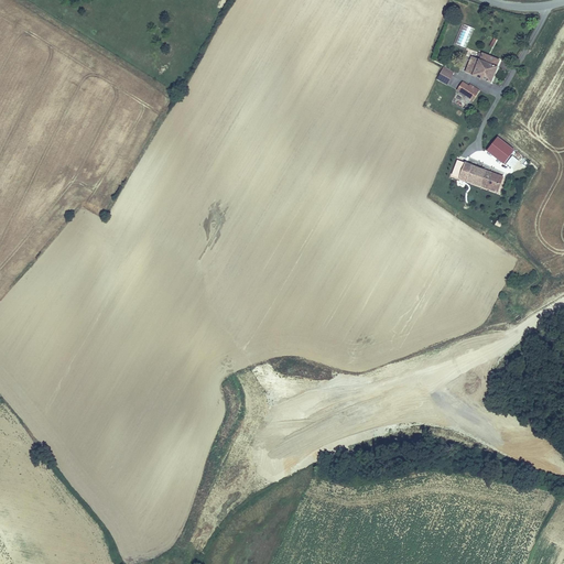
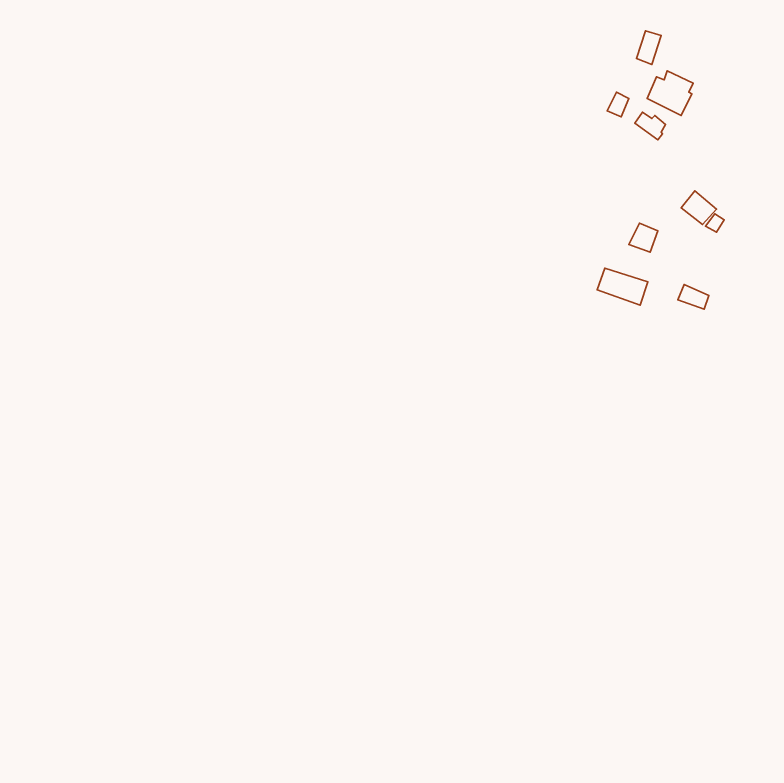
building: [467,165,503,192] -> [597,268,648,305]

